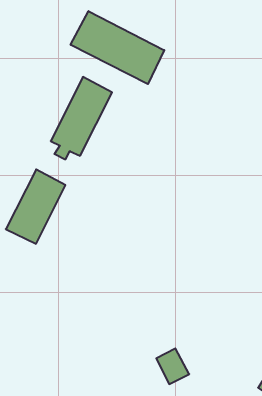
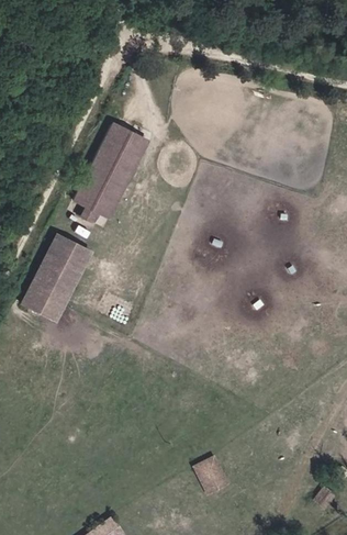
building: [71,11,164,84] -> none

